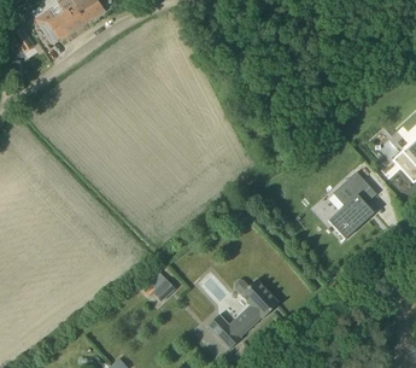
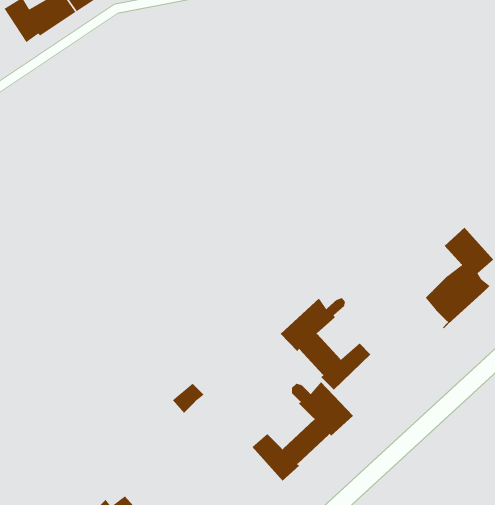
building: none -> [280,297,371,391]

